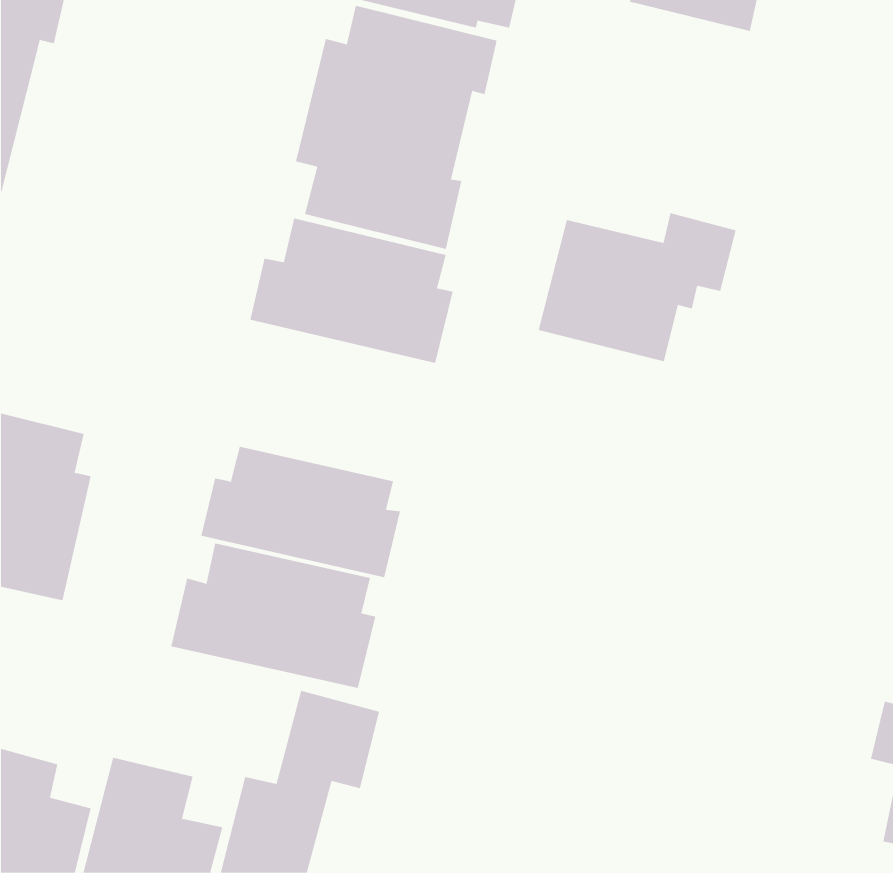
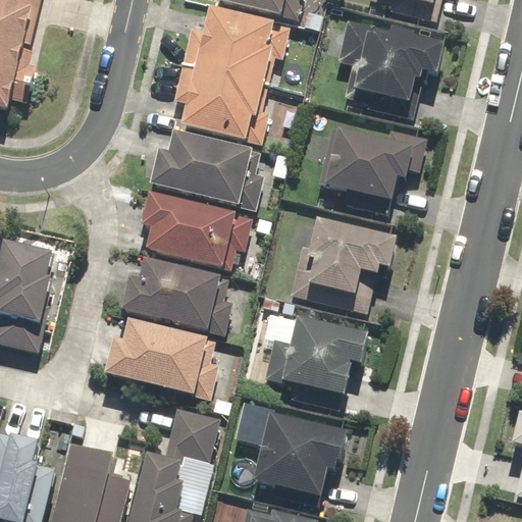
building: none -> [341,15,445,115]
building: none -> [140,188,255,271]
building: none -> [291,218,396,310]
building: none -> [262,308,368,407]
building: none -> [251,413,346,498]

